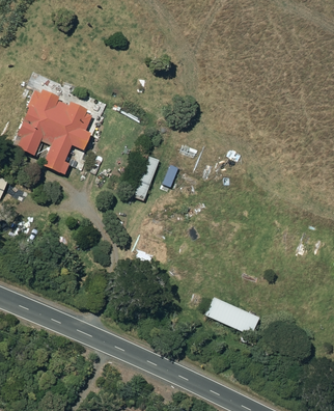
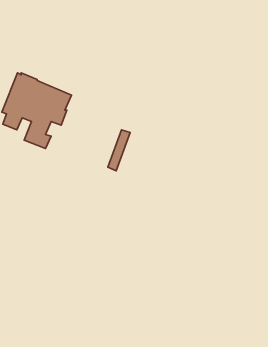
building: [205,297,257,334] -> none

